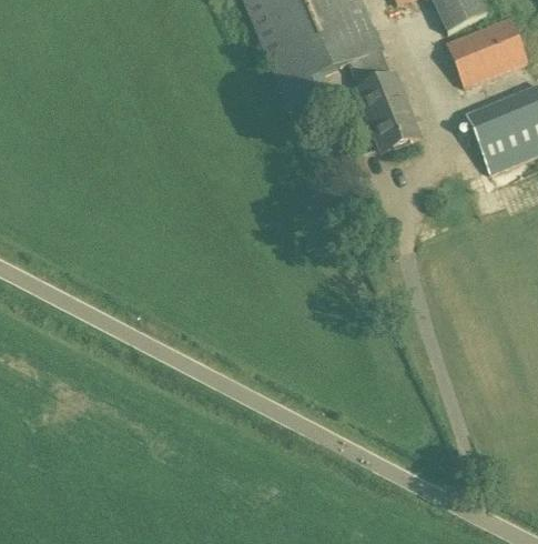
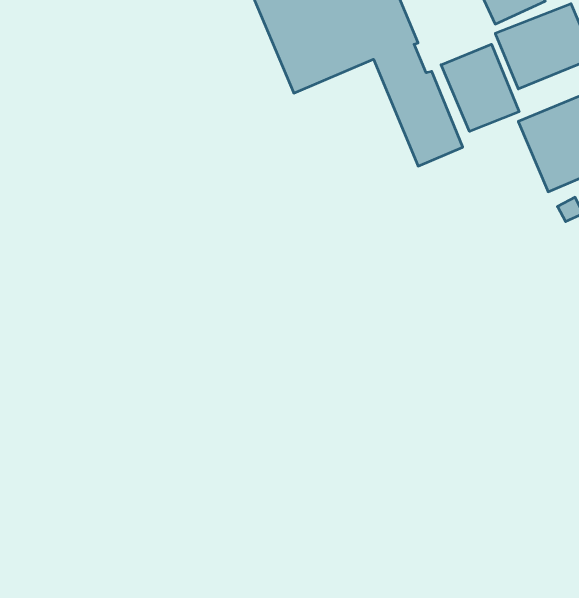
building: none -> [441,44,519,131]

